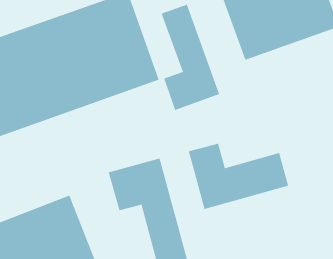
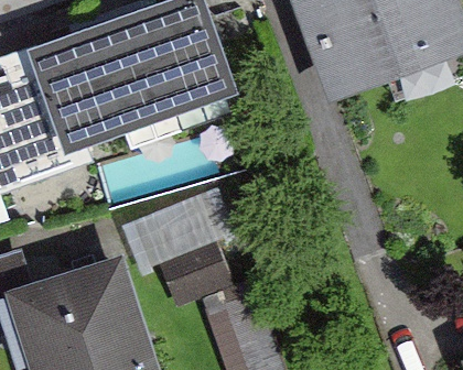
building: [161,4,220,111] -> none
building: [188,143,289,210] -> none

